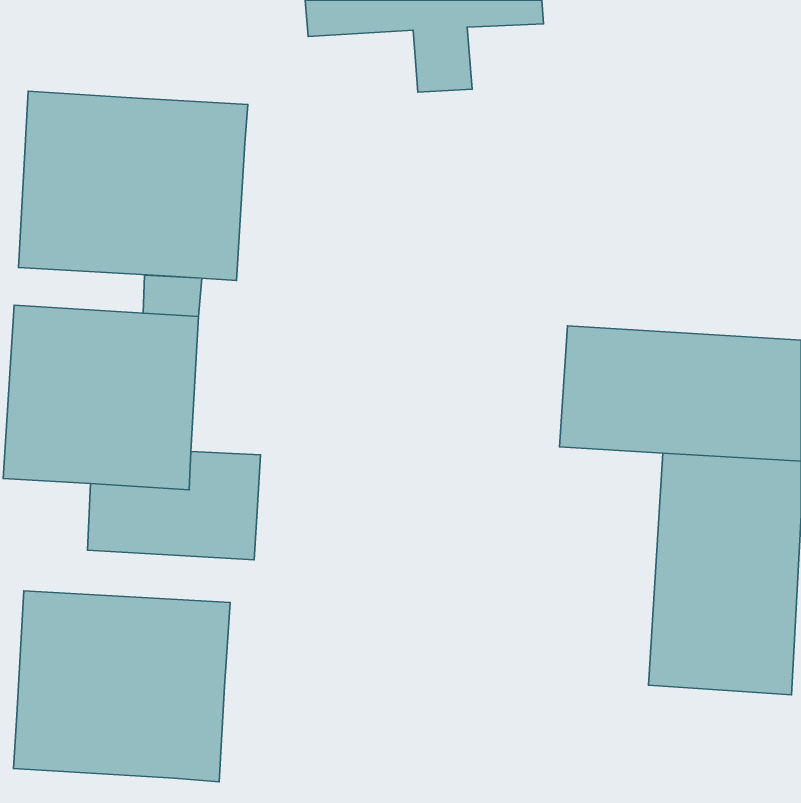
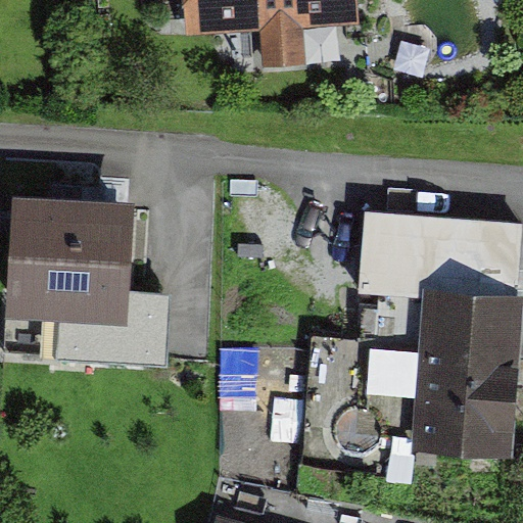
building: [18,91,248,280] -> none
building: [13,591,230,782] -> none

